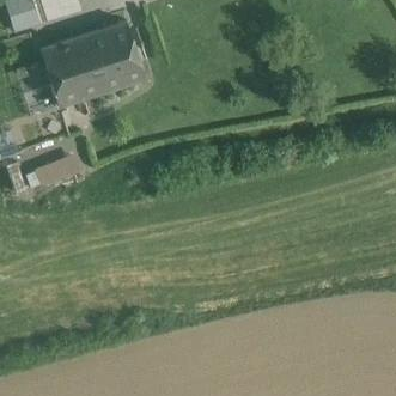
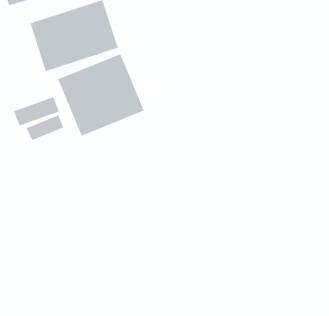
building: none -> [57,53,145,137]

